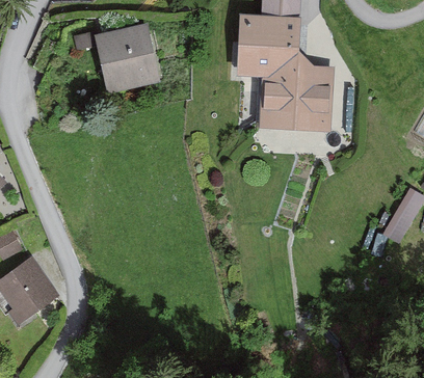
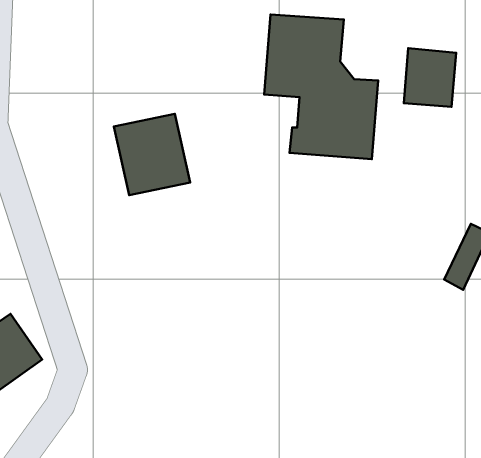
building: [98,27,160,93] -> [114,114,190,195]
building: none -> [404,48,456,107]

